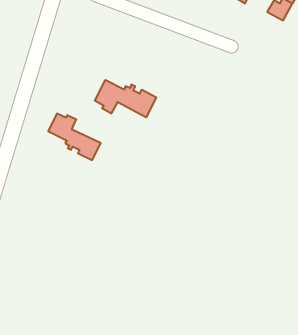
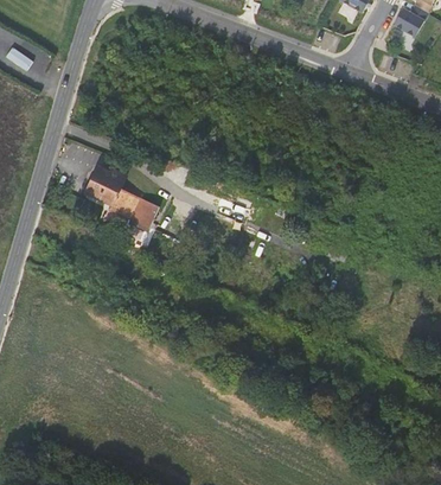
building: [95,80,156,117] -> none

